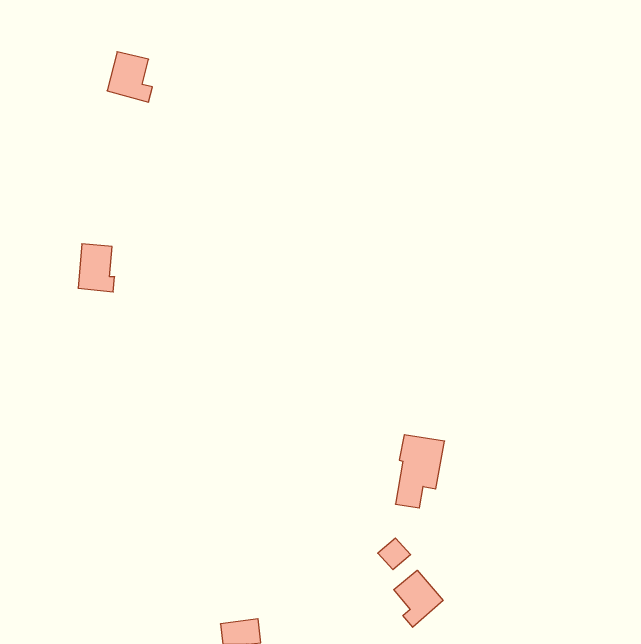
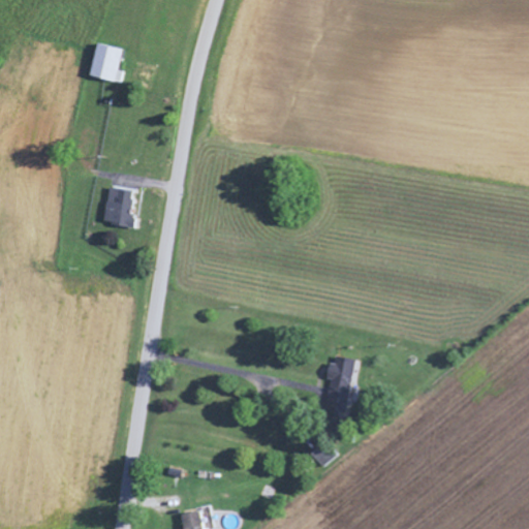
building: [78,244,115,292] -> [104,187,134,226]
building: [394,570,443,627] -> none

